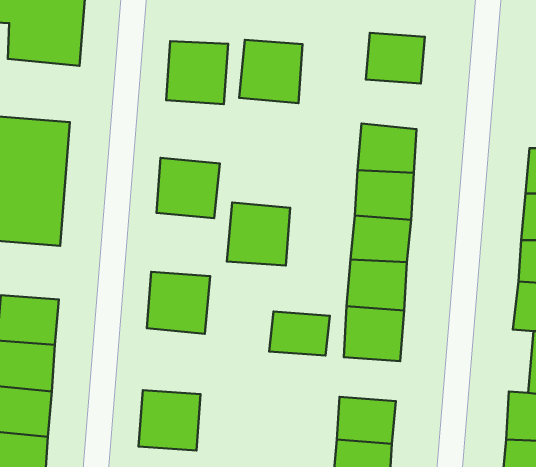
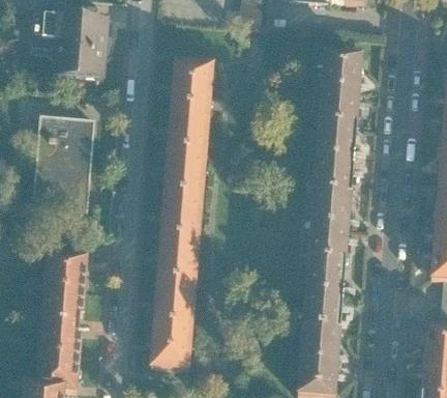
building: [239,40,303,103] -> [163,106,211,153]
building: none -> [315,90,359,127]
building: [227,202,290,266] -> [156,191,204,238]
building: [269,312,330,356] -> [298,300,344,333]
building: none -> [150,278,197,328]

